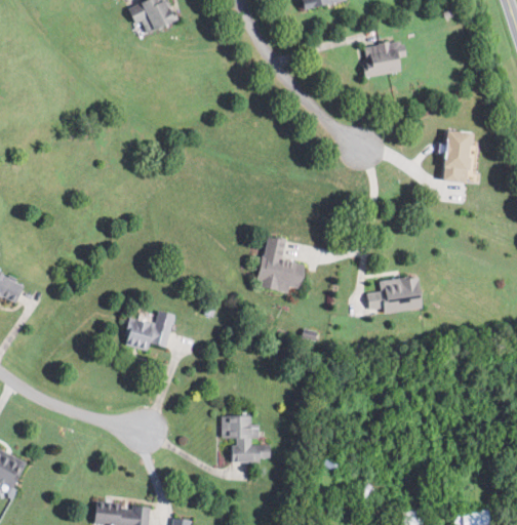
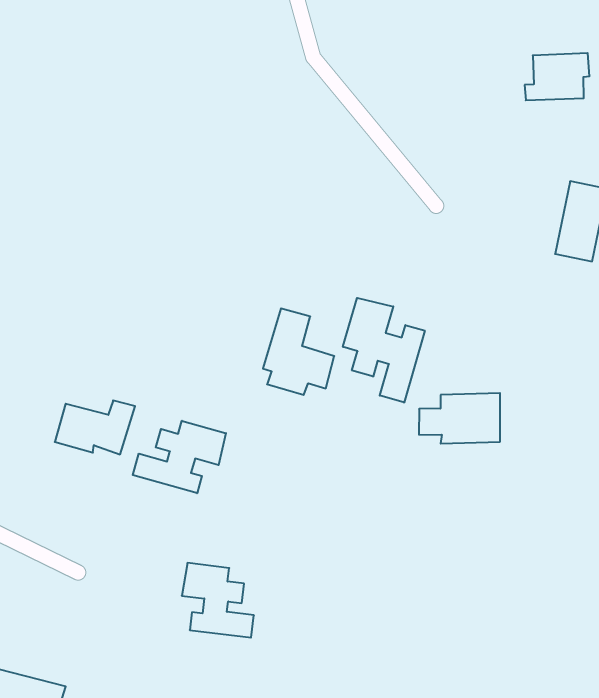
building: [362,40,405,77] -> [525,53,590,100]
building: none -> [343,298,425,403]
building: none -> [133,421,226,493]

